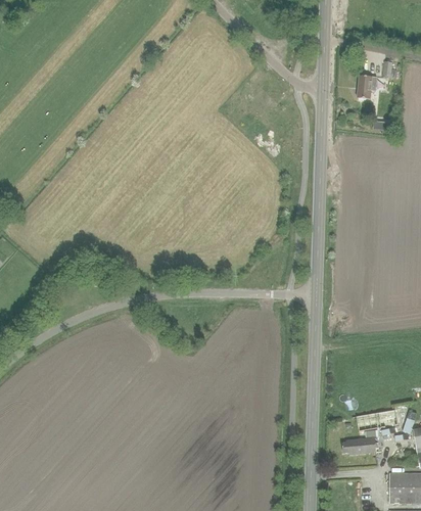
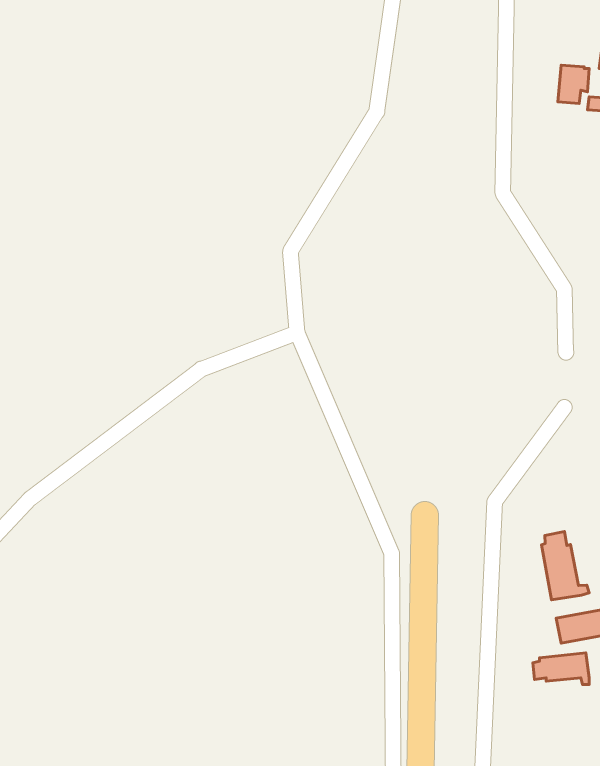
building: none -> [541,532,589,600]

